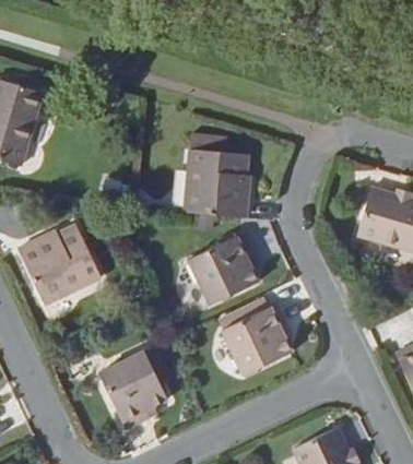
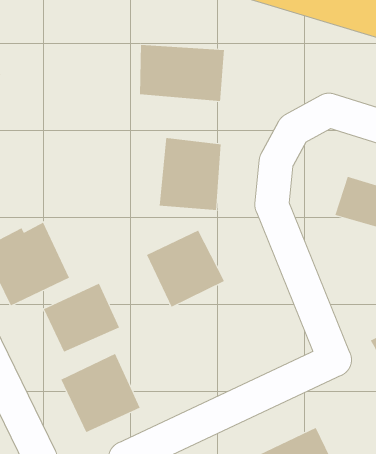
building: none -> [139,44,225,102]
building: none -> [43,283,120,353]
building: [217,293,296,376] -> none

